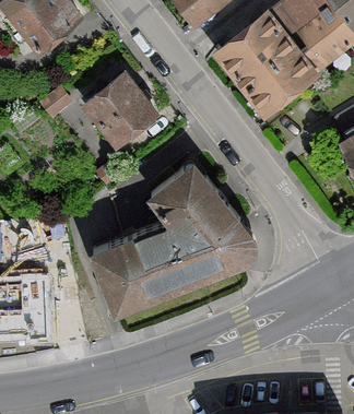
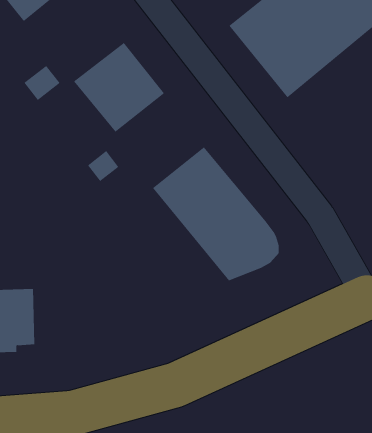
building: [90,218,213,312] -> none

